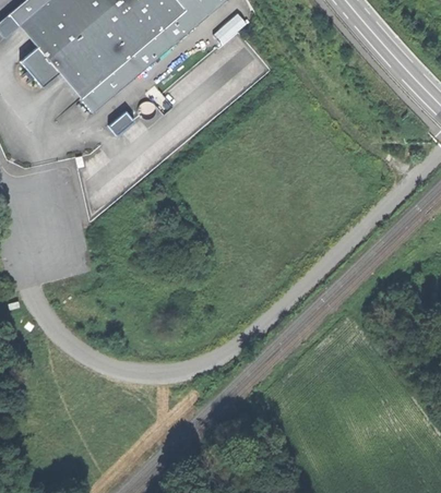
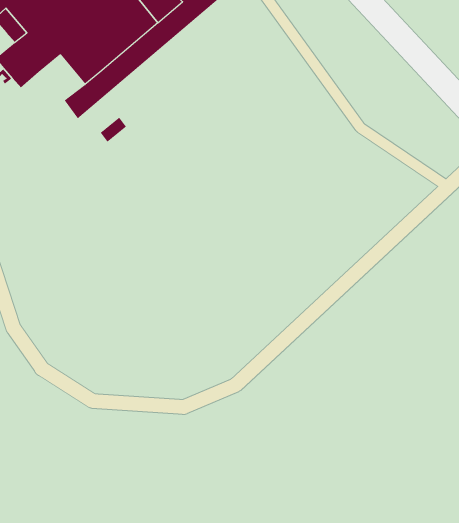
building: [59,56,99,96] -> none

